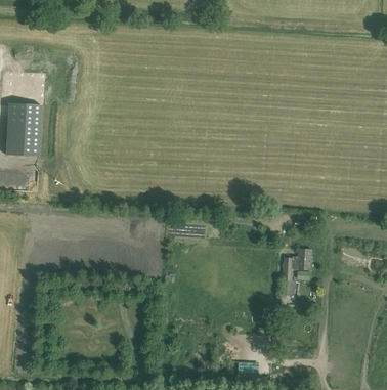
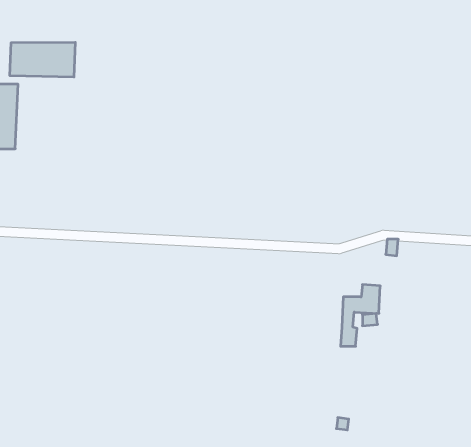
building: none -> [10,42,75,77]

